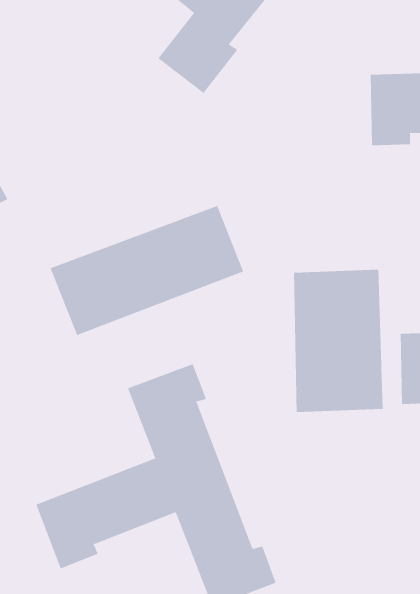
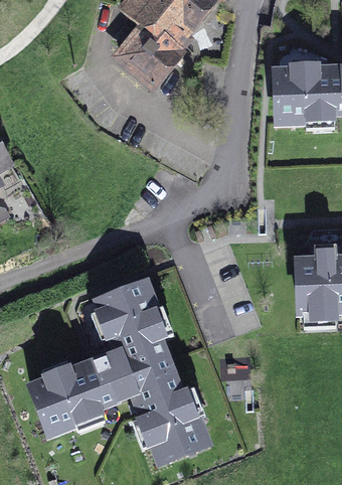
building: [50,205,244,336] -> none
building: [294,269,383,413] -> none

